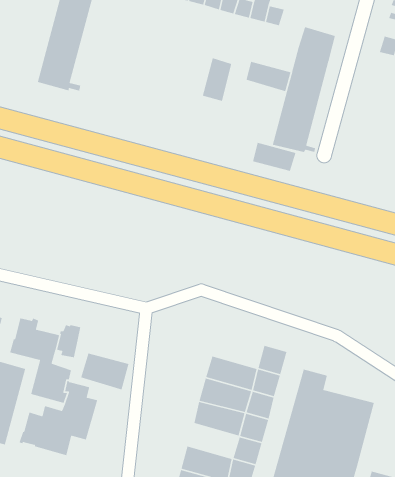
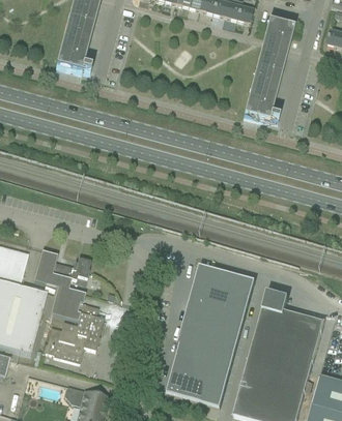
building: [202,57,232,102] -> none
building: [245,61,291,92] -> none
building: [252,142,296,172] -> none
building: none -> [195,264,236,293]
building: [80,353,129,391] -> none
building: none -> [175,336,217,364]

